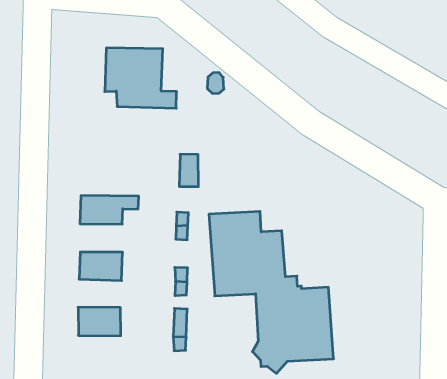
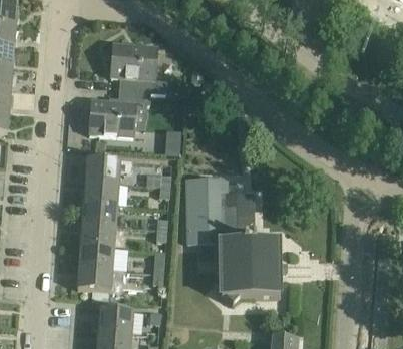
building: none -> [89,90,165,137]
building: none -> [84,181,118,205]
building: none -> [80,224,115,248]
building: none -> [77,268,123,293]

